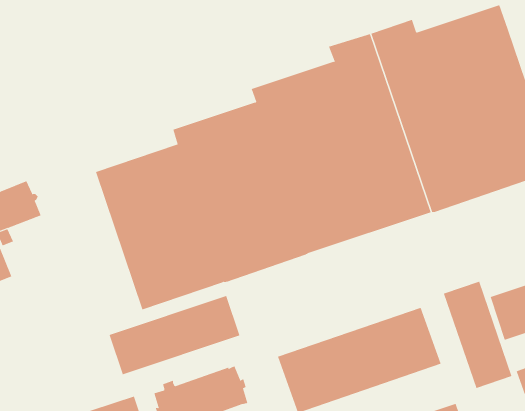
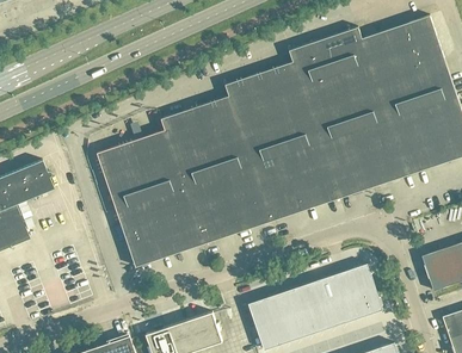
building: [443,281,512,389] -> none
building: [109,295,240,375] -> none

